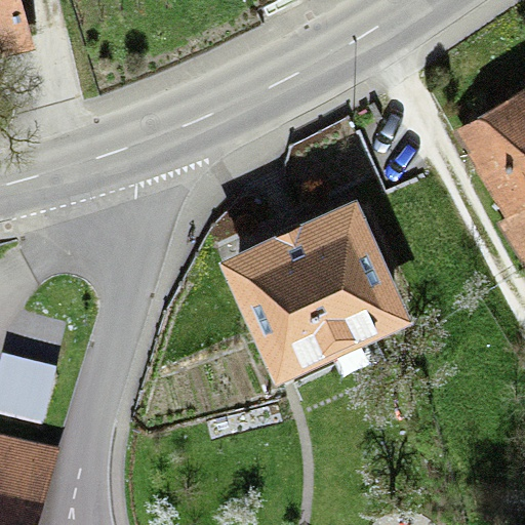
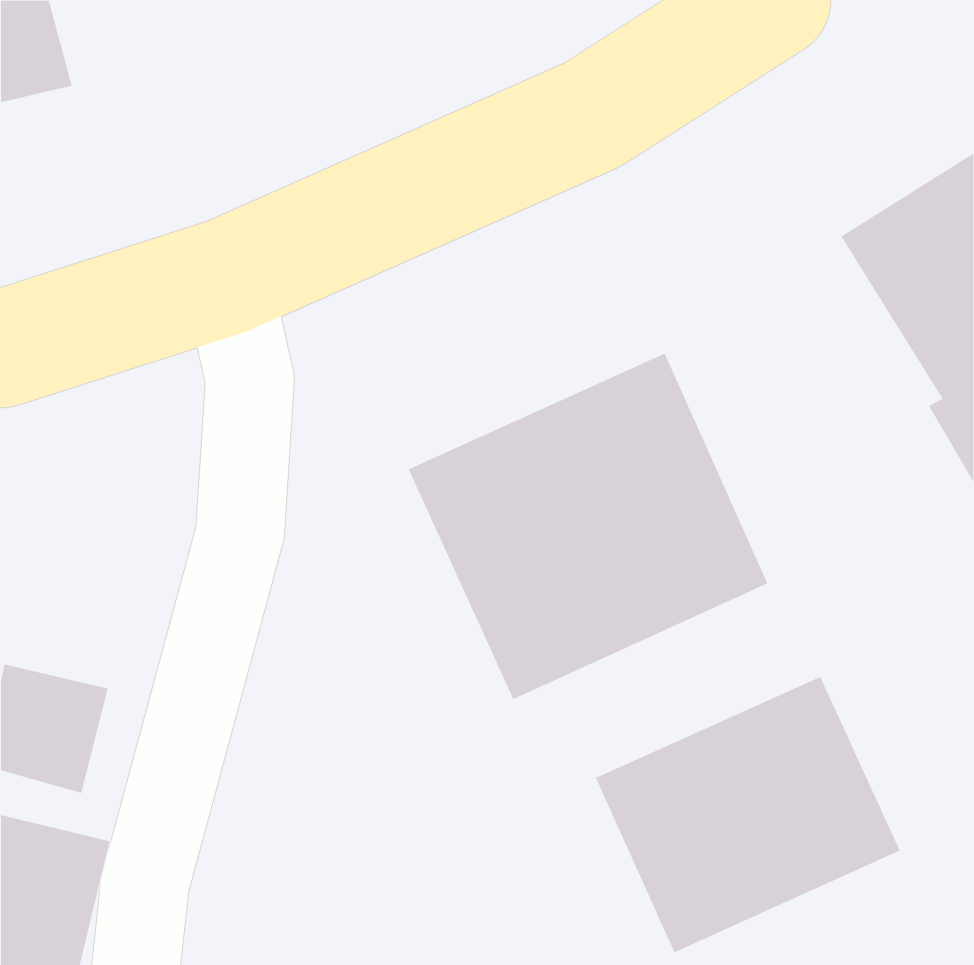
building: none -> [595,676,901,953]

